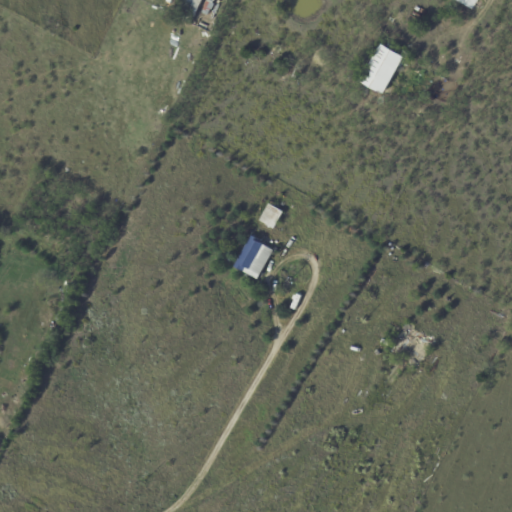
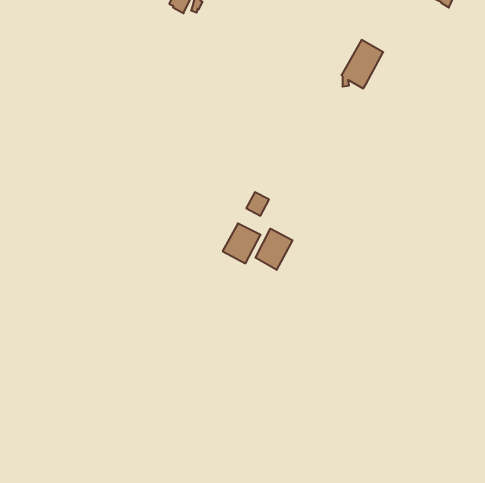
building: none -> [255,229,292,270]

